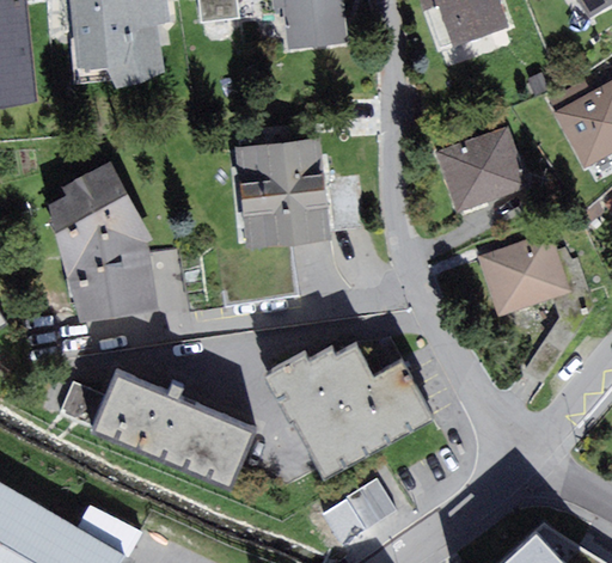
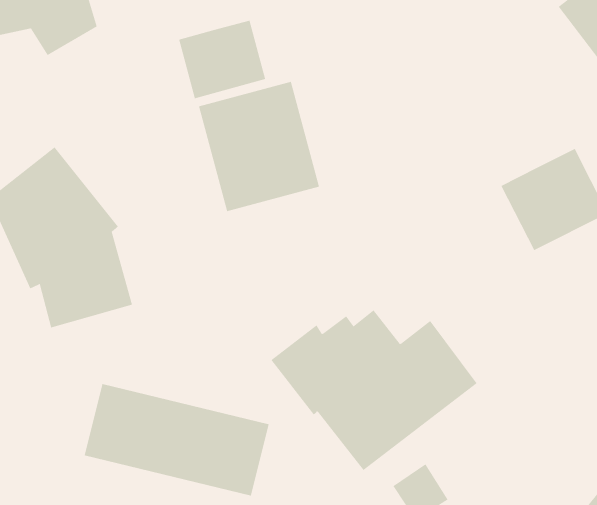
building: none -> [178,20,266,99]
building: [434,128,526,210] -> none

